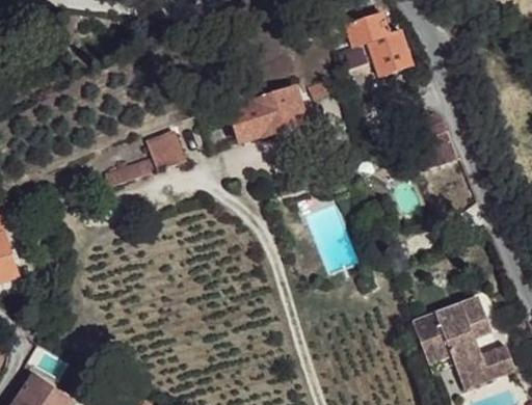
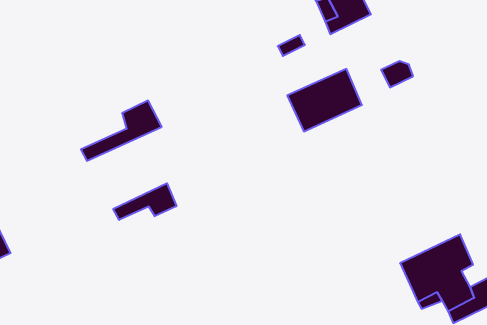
building: [228,82,303,142] -> [287,69,362,131]
building: none -> [113,183,176,220]

